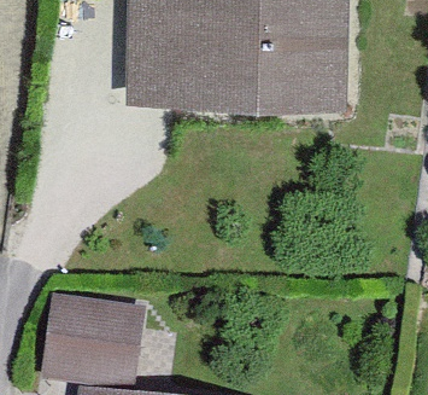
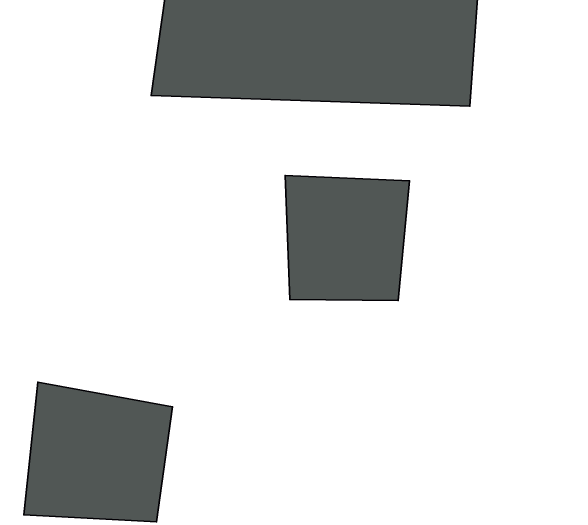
building: none -> [285,176,410,301]

